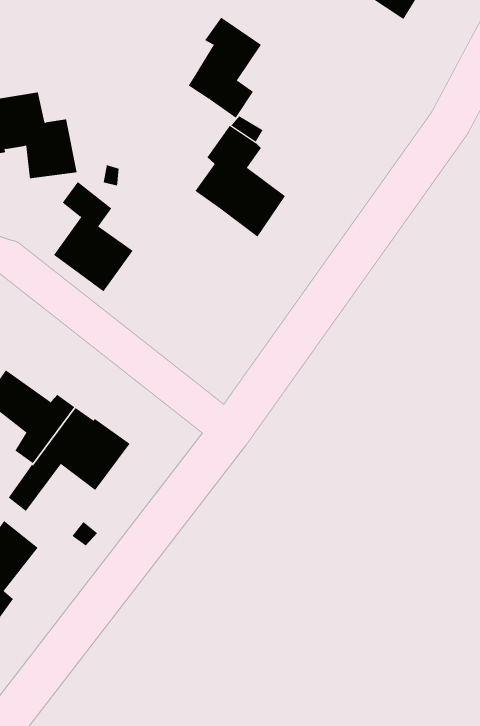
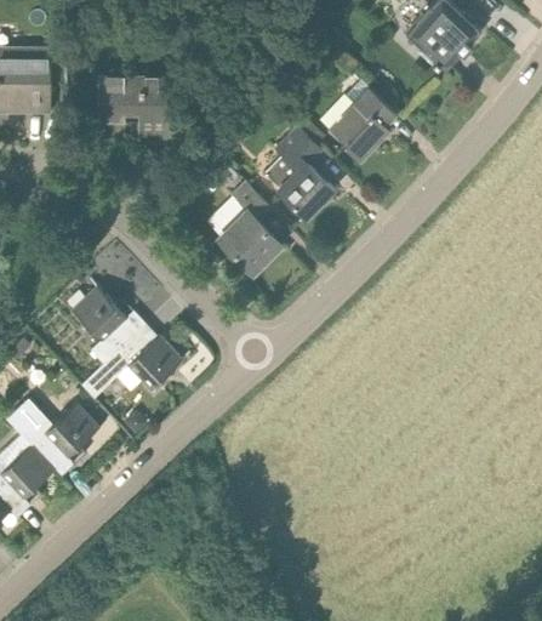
building: [188,17,262,119] -> [327,80,389,160]
building: [53,181,133,292] -> [218,183,280,272]

